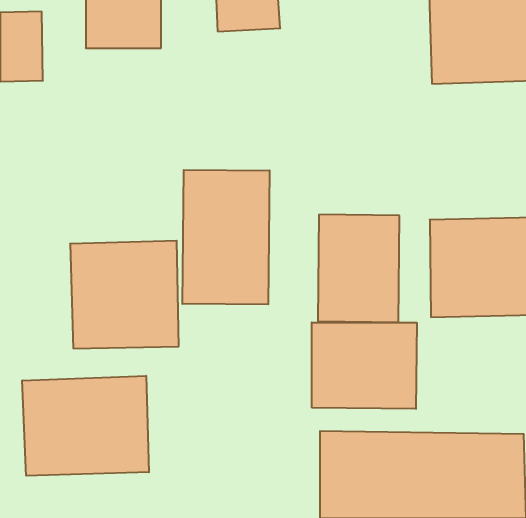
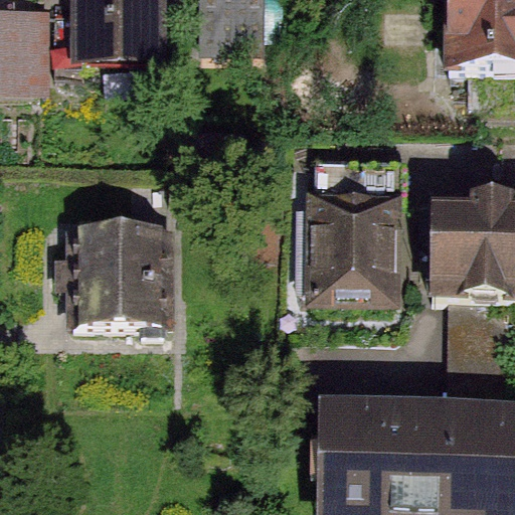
building: [182,170,270,304] -> none
building: [312,322,417,409] -> none
building: [22,376,149,476] -> none

